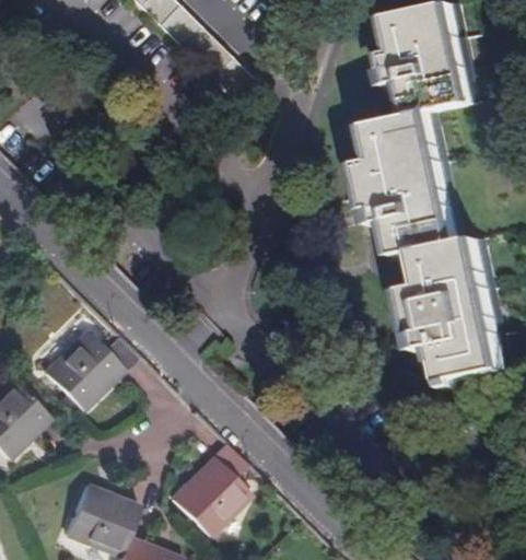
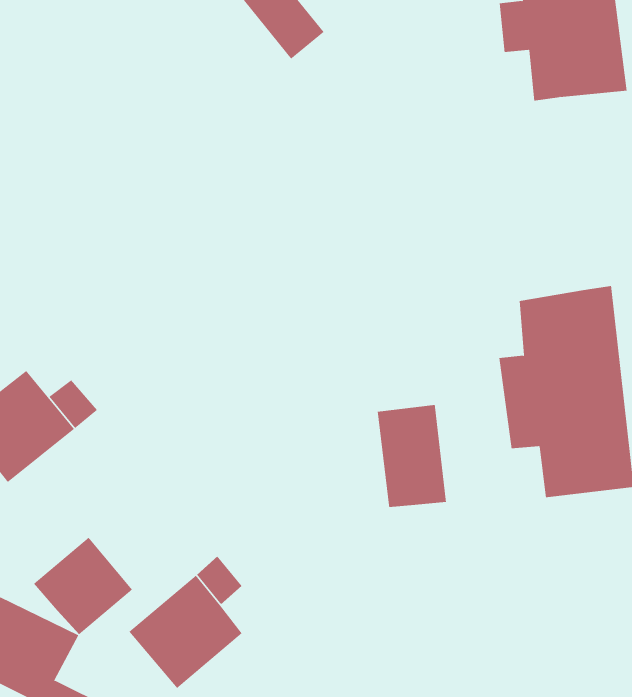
building: [359,114,457,255] -> none
building: none -> [377,404,446,508]
building: none -> [33,537,133,635]

